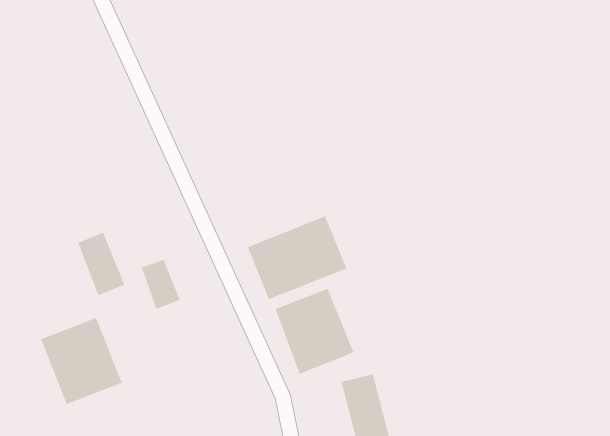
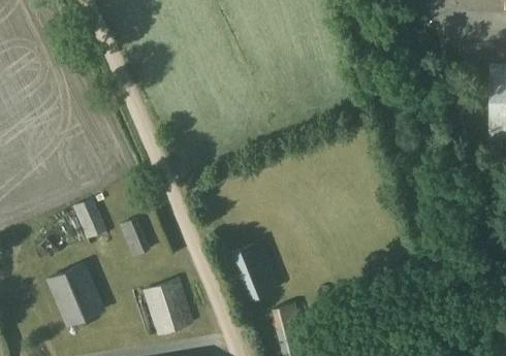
building: [247,215,347,300] -> none
building: none -> [143,279,194,337]

